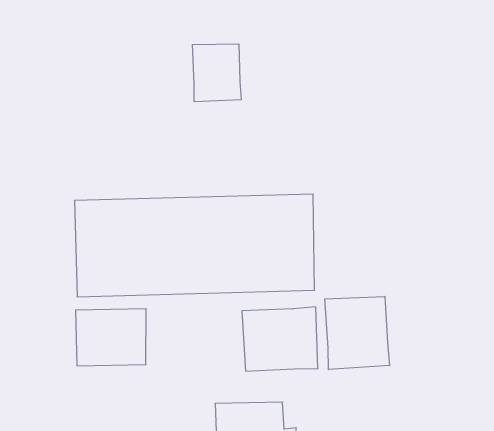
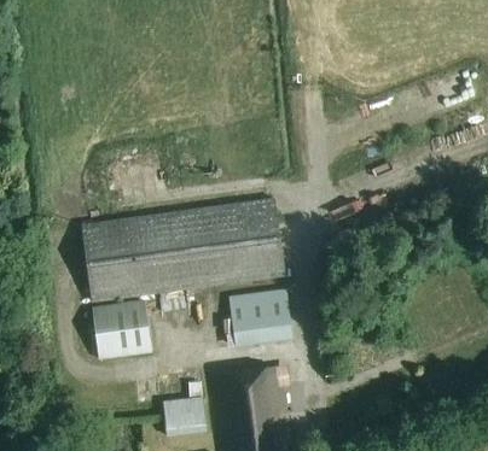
building: [193,44,241,102] -> none
building: [325,296,390,370] -> none

